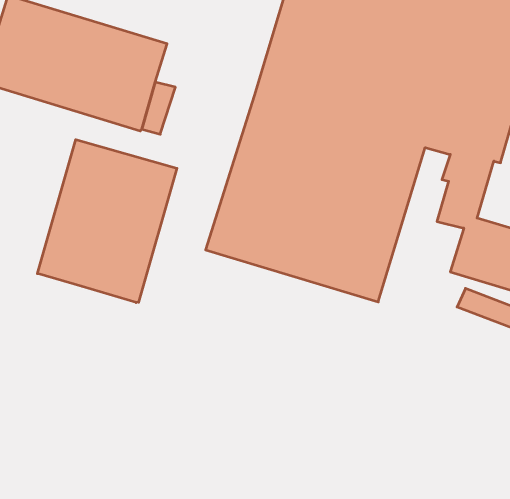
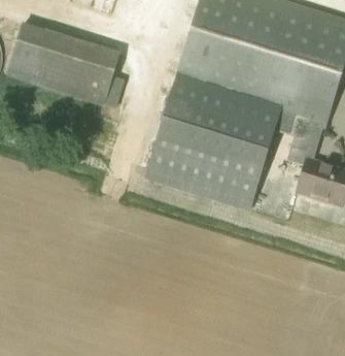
building: [37,140,177,303] -> none

